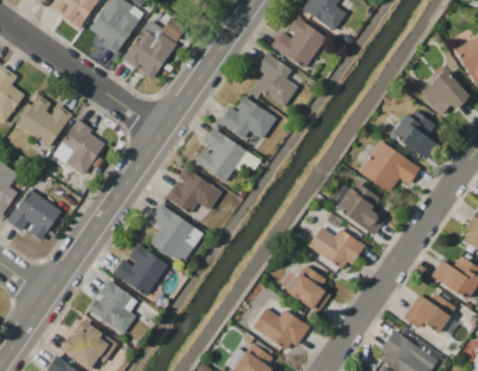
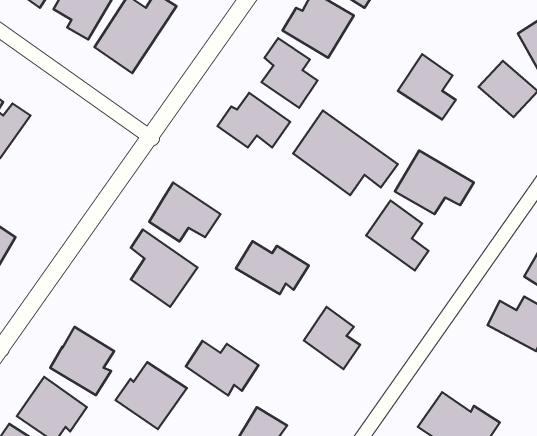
building: [392,107,437,159] -> [398,54,456,120]
building: none -> [293,111,398,195]
building: [55,120,107,174] -> none
building: [195,128,247,183] -> none
building: [308,225,365,267] -> [236,241,309,294]
building: [112,243,168,296] -> [115,362,187,429]
building: [404,292,455,333] -> none
building: [253,307,310,350] -> [186,341,259,395]

